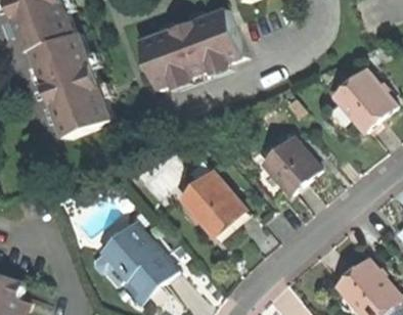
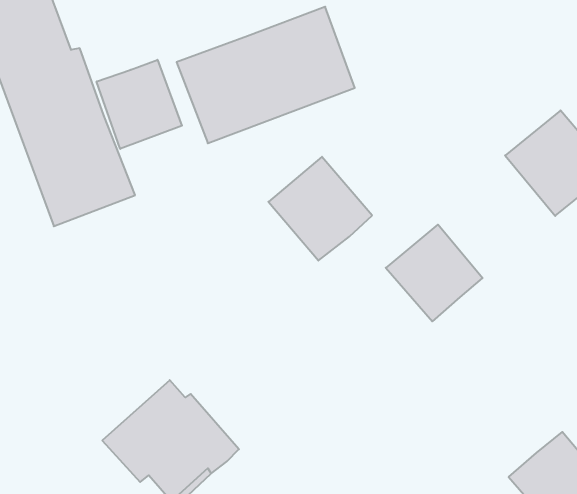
building: none -> [97,60,182,149]
building: [179,170,240,231] -> [268,157,372,261]

